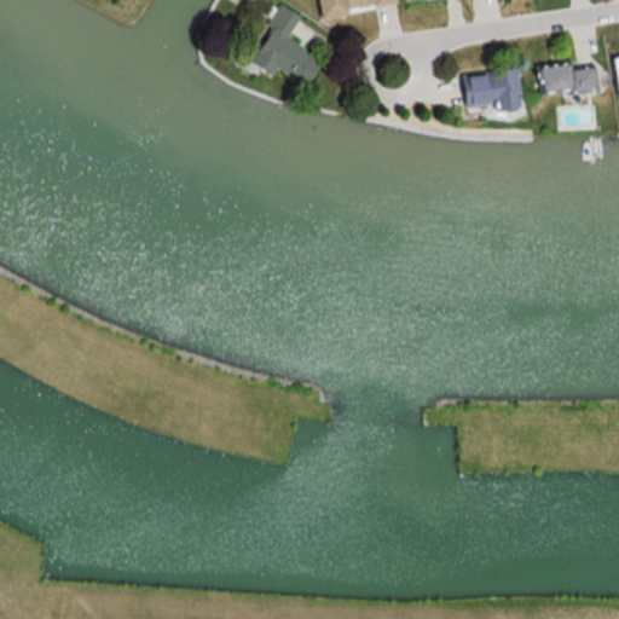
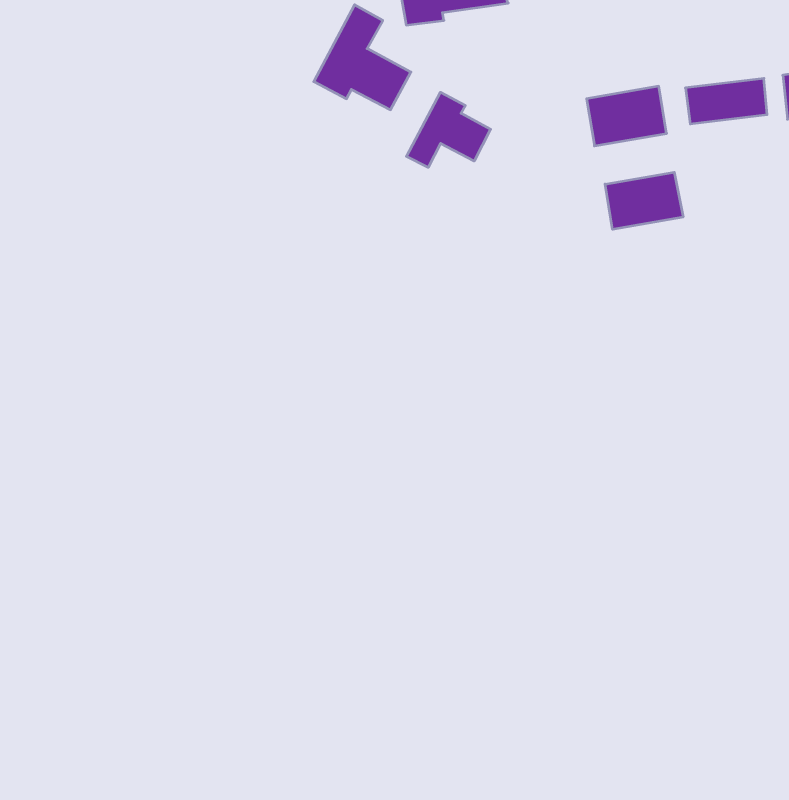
building: none -> [406,92,491,167]
building: none -> [605,172,683,229]

